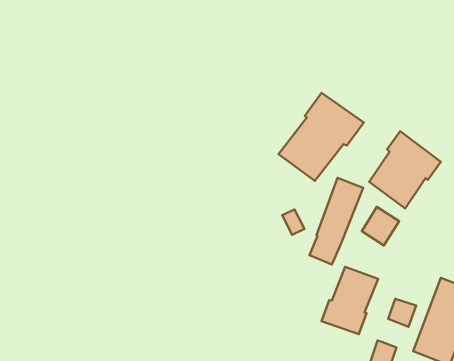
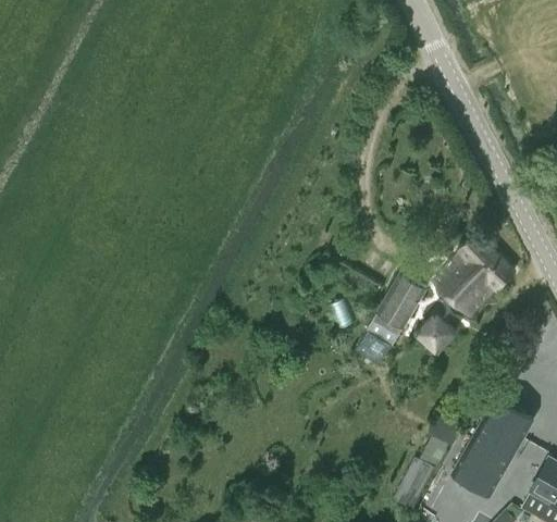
building: [278,93,364,181] -> none
building: [321,267,378,334] -> none

